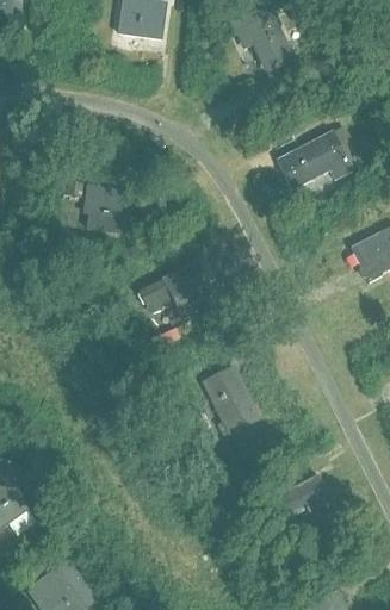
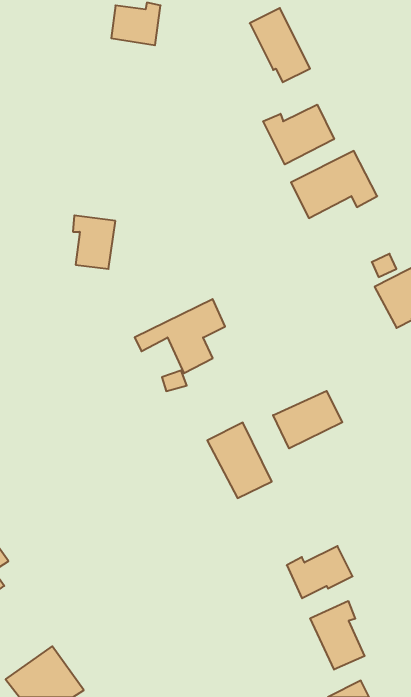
building: none -> [263,105,334,164]
building: none -> [273,391,342,448]
building: none -> [310,601,365,670]

